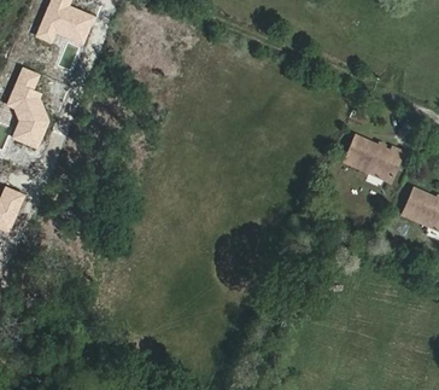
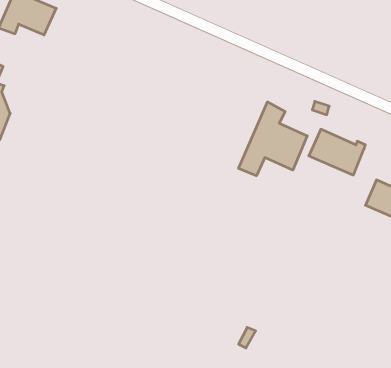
building: none -> [239,102,307,176]

